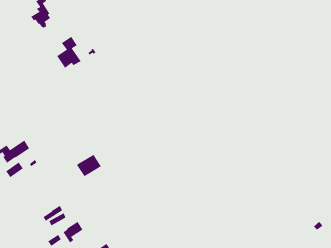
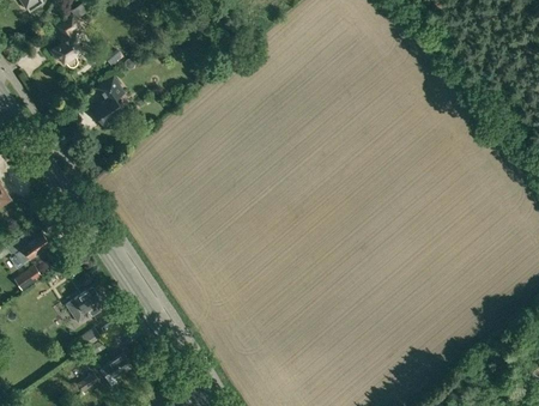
building: [76,154,102,177] -> [67,285,105,320]

